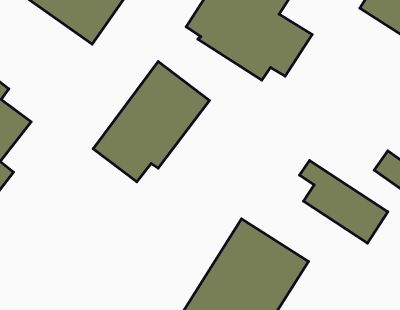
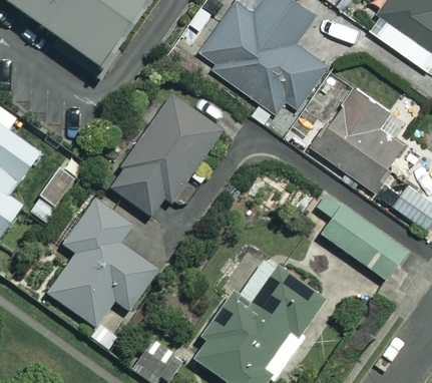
building: none -> [312,84,416,187]
building: none -> [46,196,156,327]

